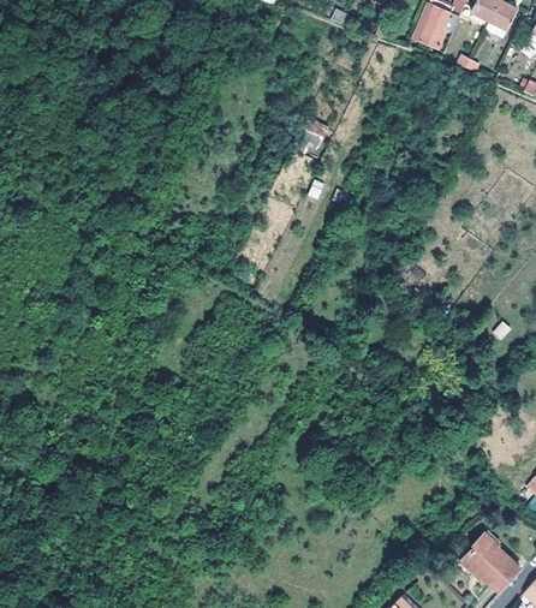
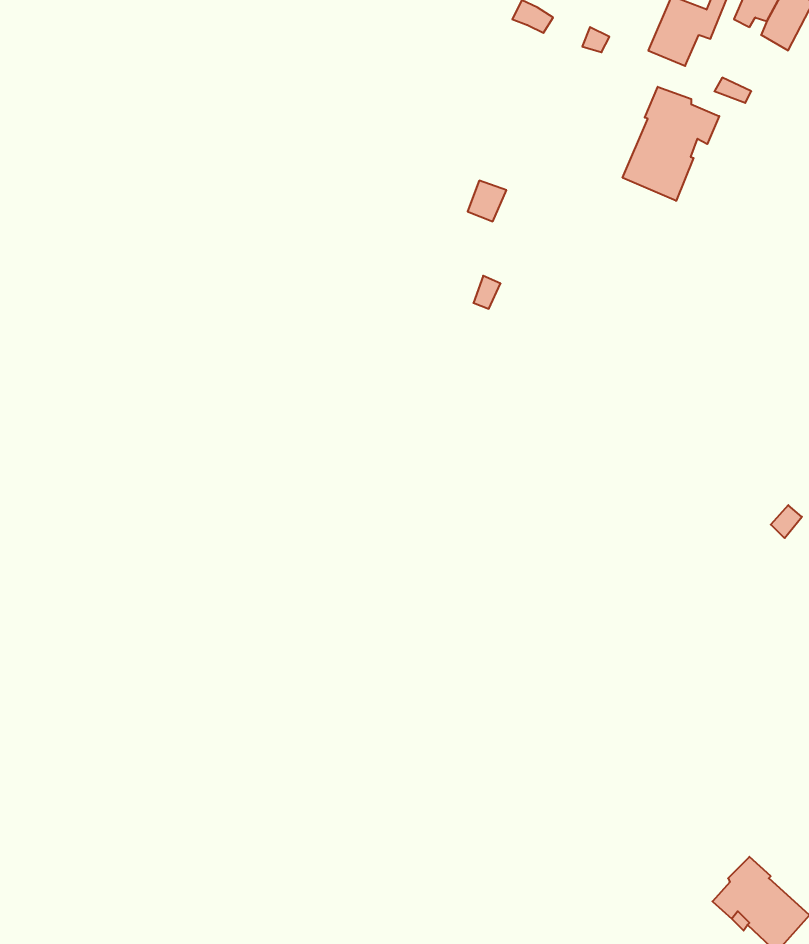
building: none -> [623,87,719,201]

